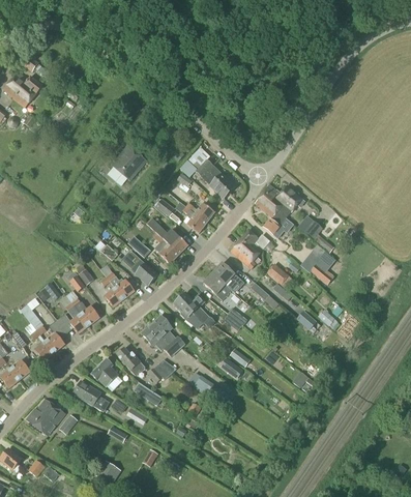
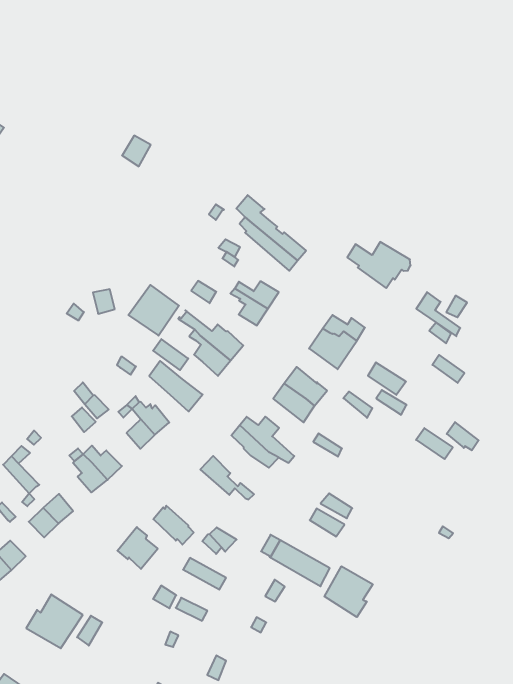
building: [111,146,145,180] -> [128,285,179,336]
building: [255,194,286,237] -> none
building: [141,325,181,357] -> none
building: [72,380,107,410] -> none
building: none -> [324,566,373,617]

